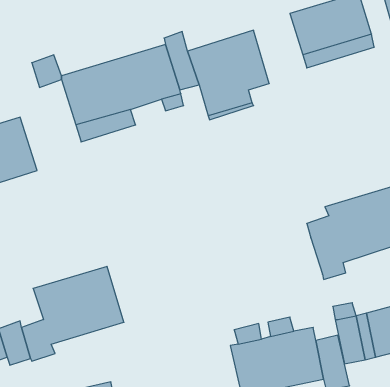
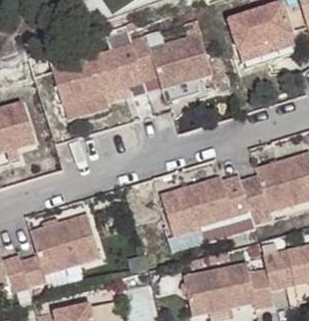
building: none -> [162,177,254,237]

